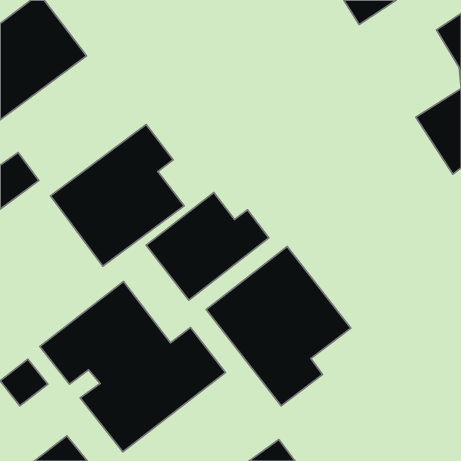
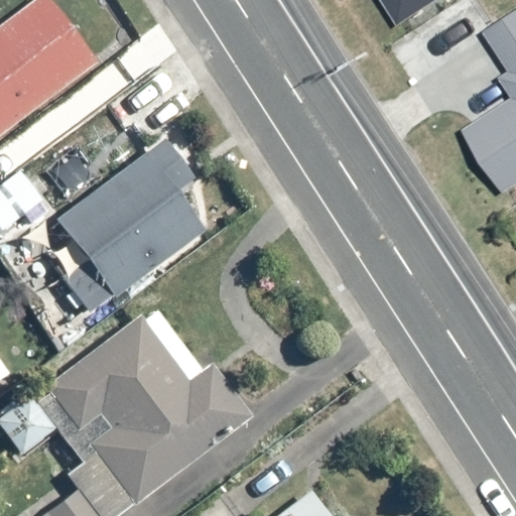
building: [146,192,269,300] -> none
building: [206,246,351,406] -> none

